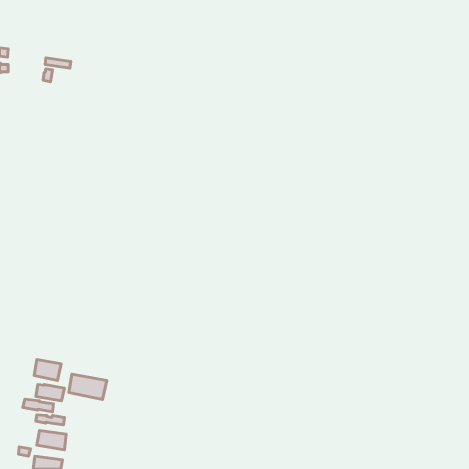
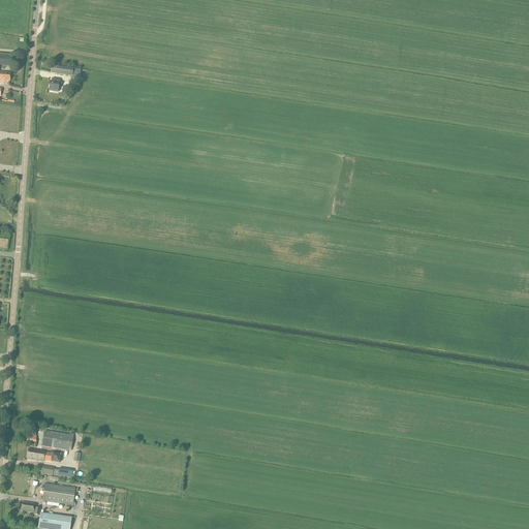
building: [34,359,61,381] -> none
building: [69,374,107,399] -> none

